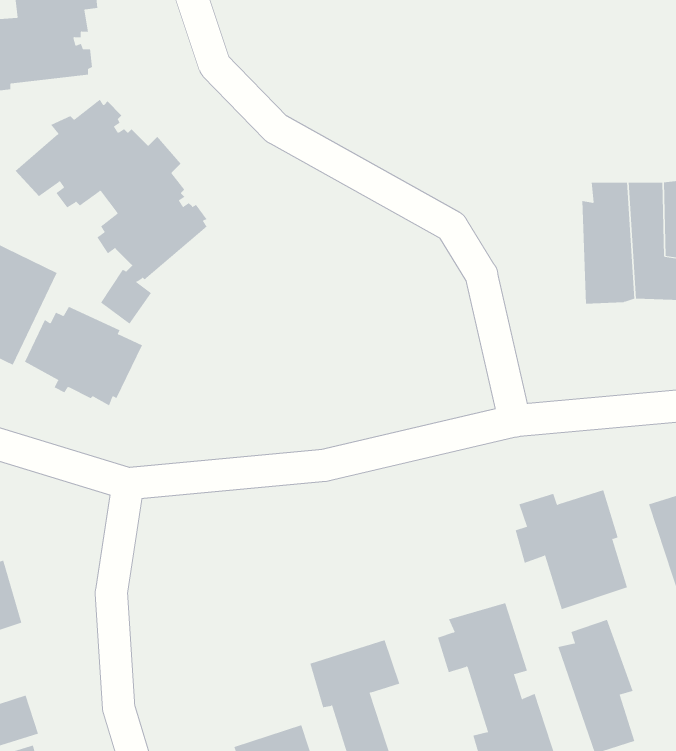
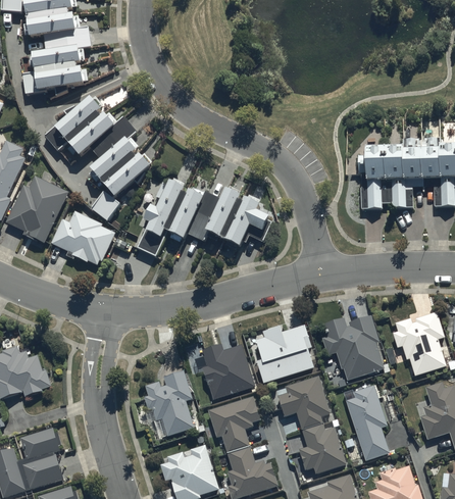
building: none -> [139,181,273,258]
building: none -> [254,322,313,383]
building: none -> [201,342,254,399]
building: none -> [144,369,193,433]

